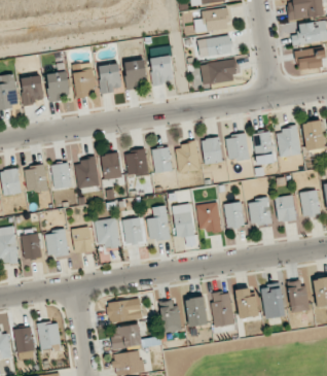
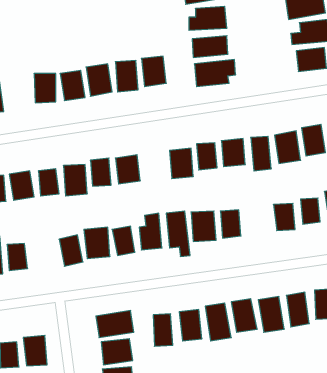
building: [21,75,44,105] -> none
building: [151,147,172,173] -> none
building: [248,198,271,226] -> none
building: [44,229,69,258] -> none

